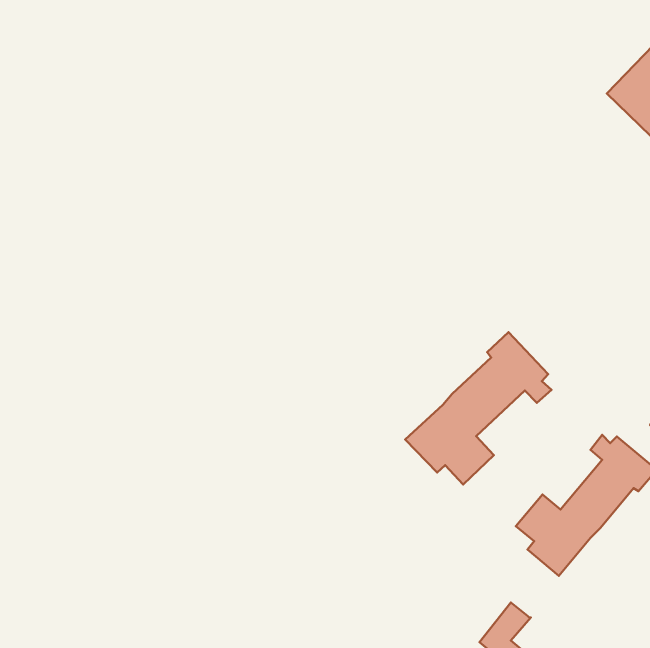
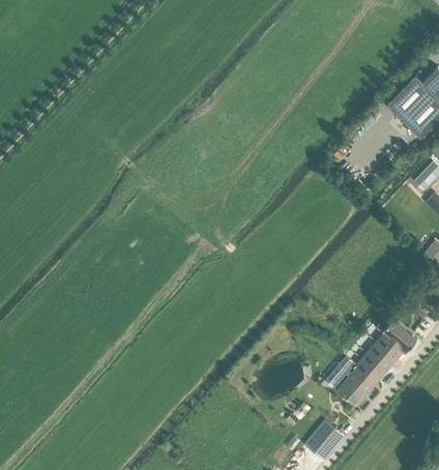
building: [405,332,551,484] -> none

